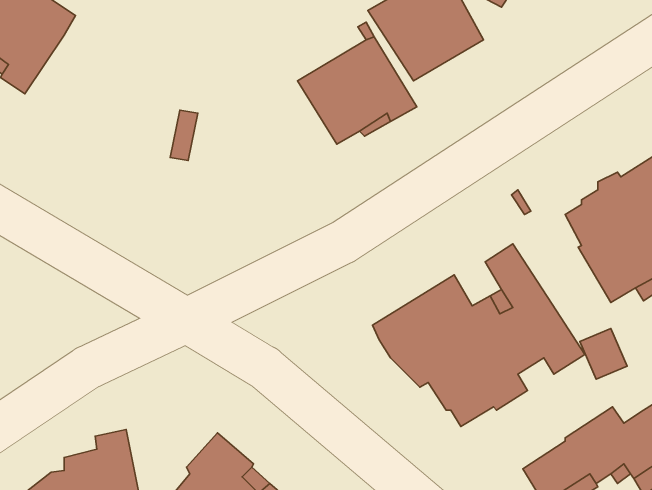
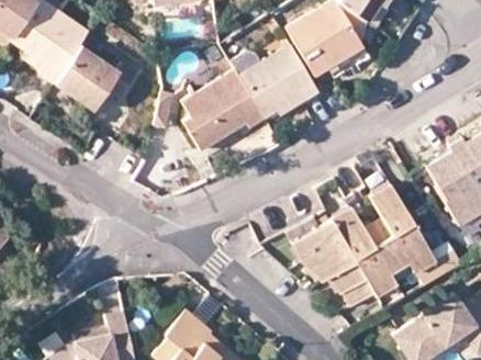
building: none -> [57,45,139,110]
building: none -> [183,70,267,149]

